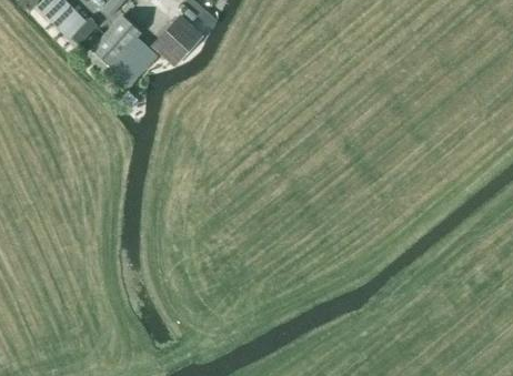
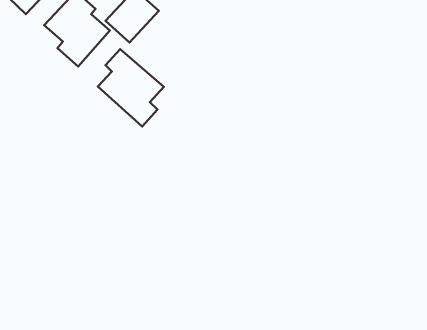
building: none -> [98,49,164,127]

